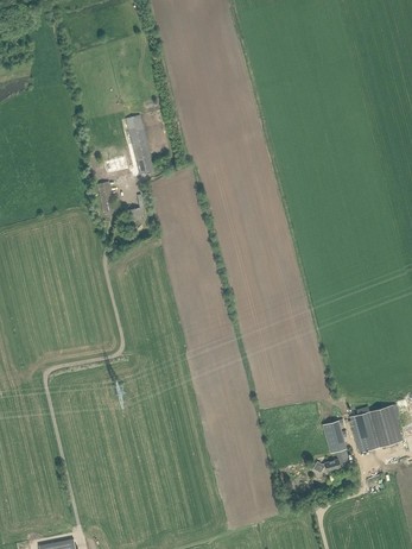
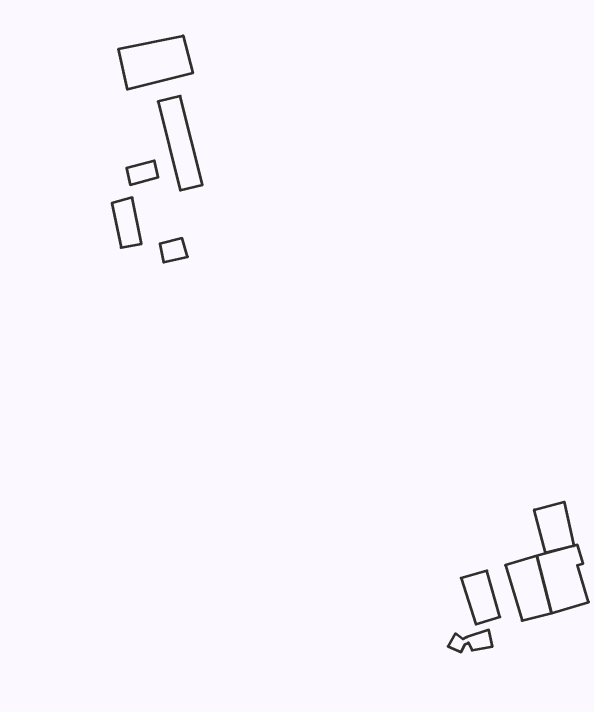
building: none -> [119,36,193,89]
building: none -> [534,502,574,553]

